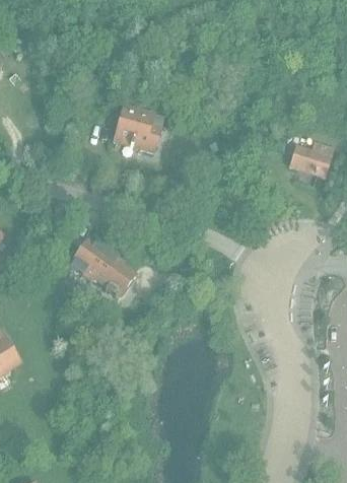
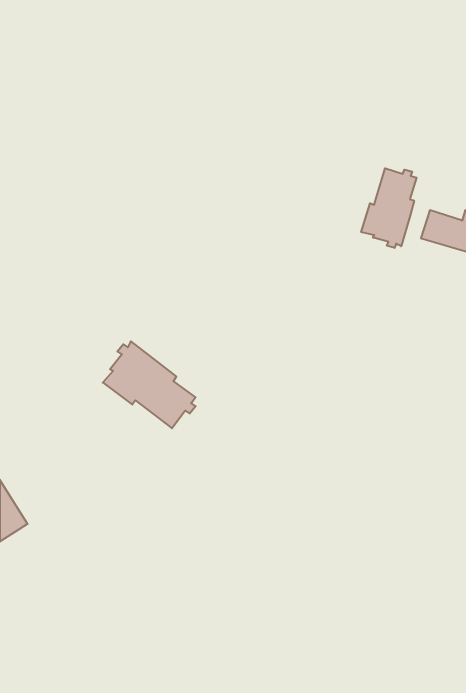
building: [114,104,161,152] -> none
building: none -> [361,168,417,248]

